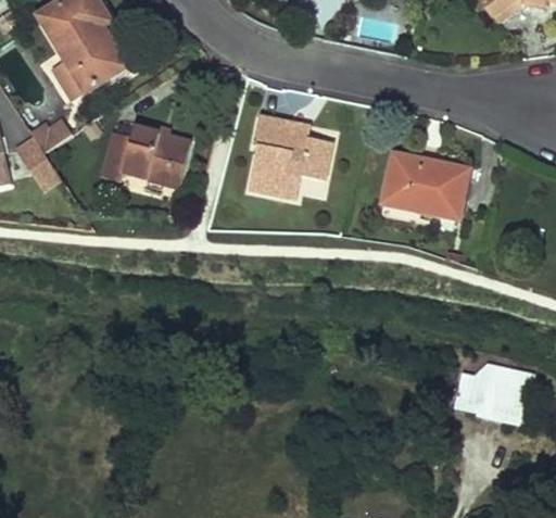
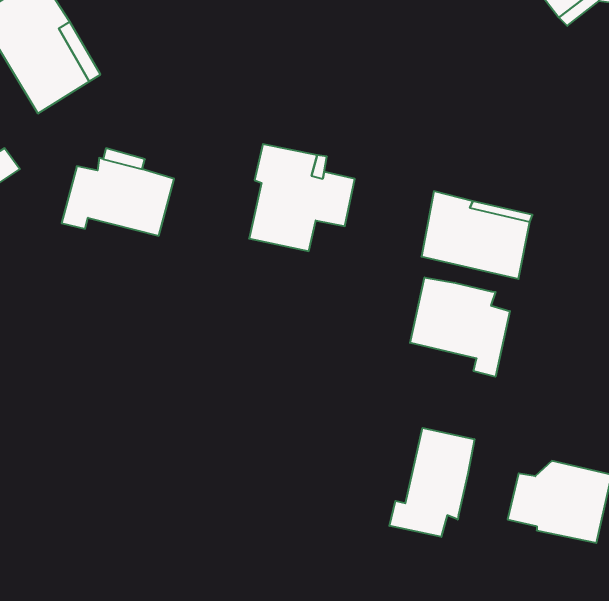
building: none -> [410,277,510,377]
building: none -> [389,428,474,537]

